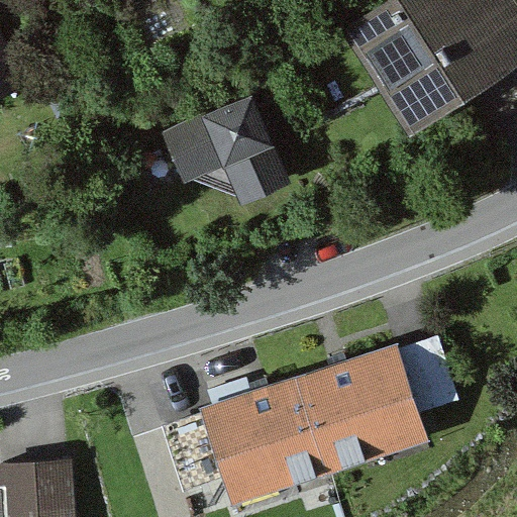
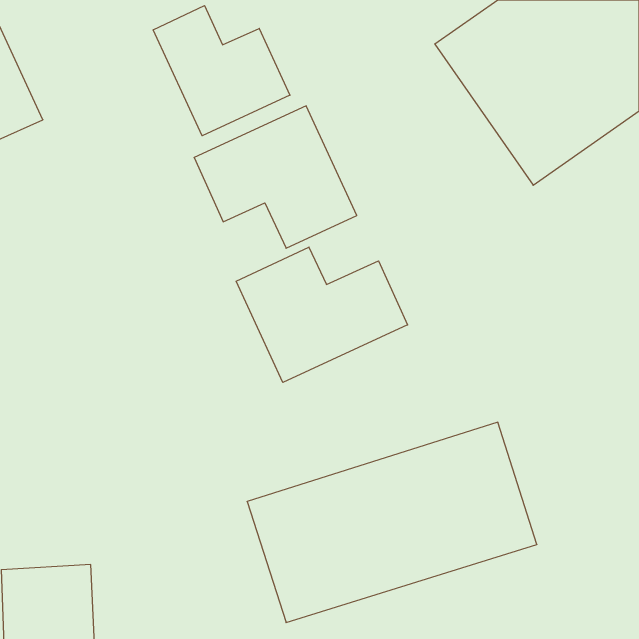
building: none -> [153,6,290,136]
building: none -> [236,247,408,382]

